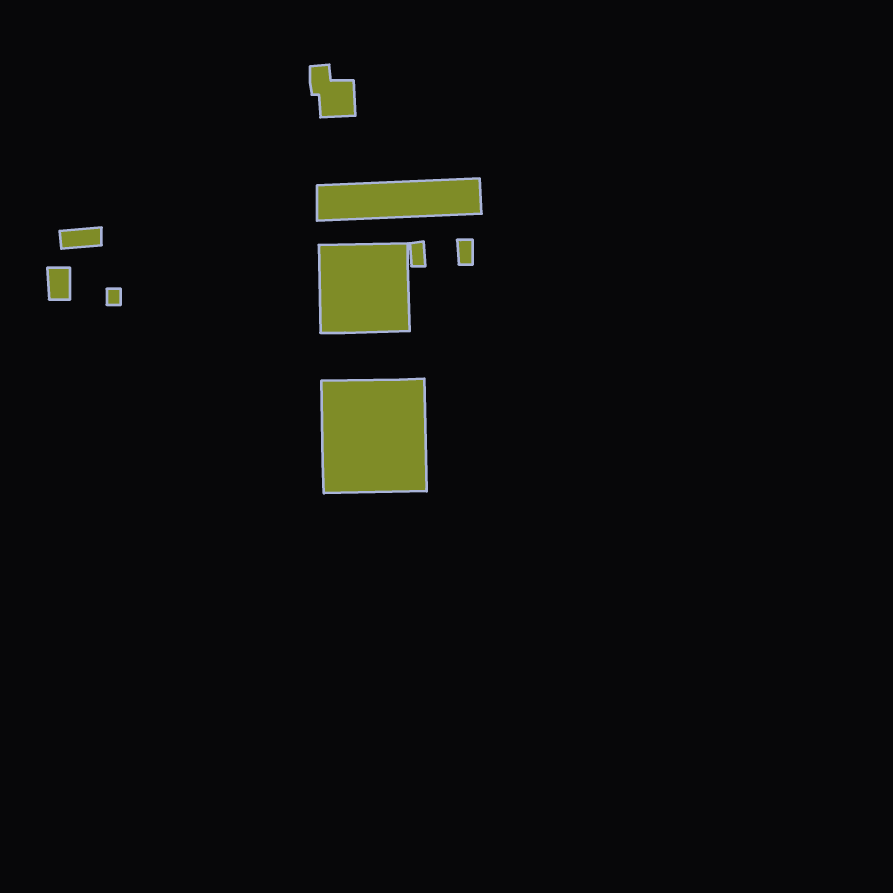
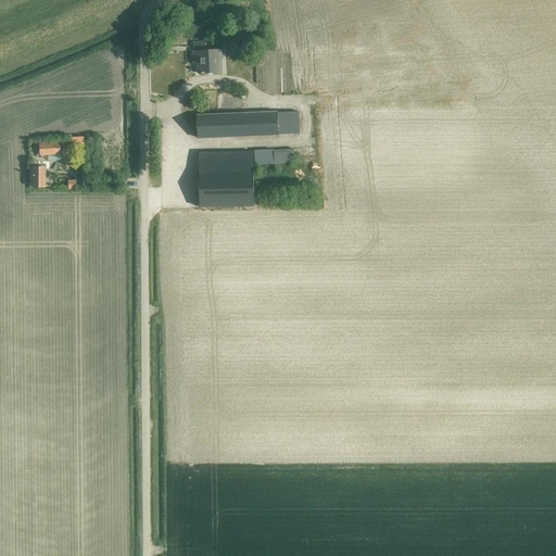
building: [322,379,427,493] -> none

